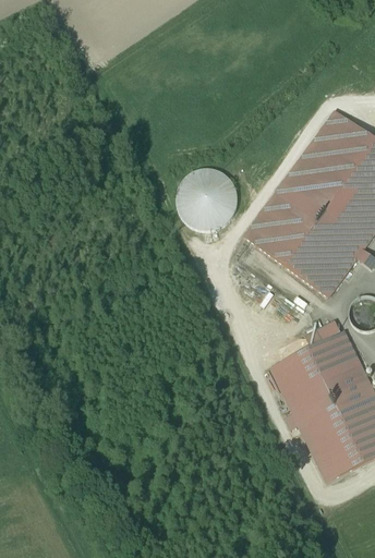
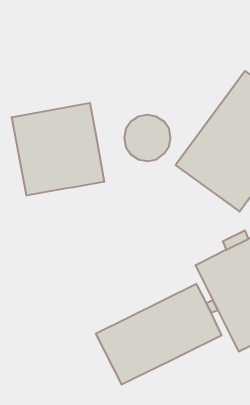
building: none -> [12,103,104,196]
building: none -> [96,284,221,385]

